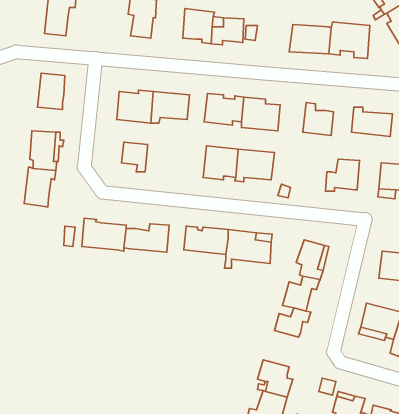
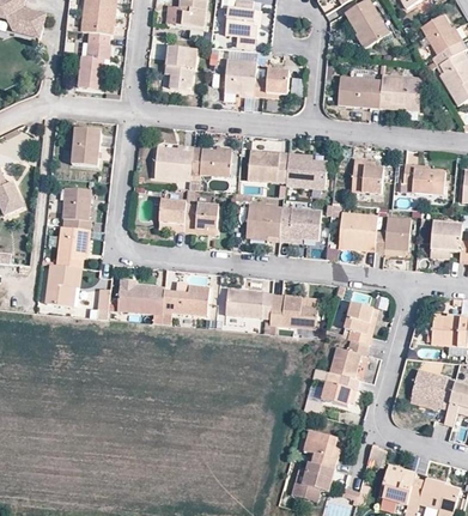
building: none -> [184,205,219,232]
building: none -> [339,212,378,251]
building: none -> [45,265,80,306]

